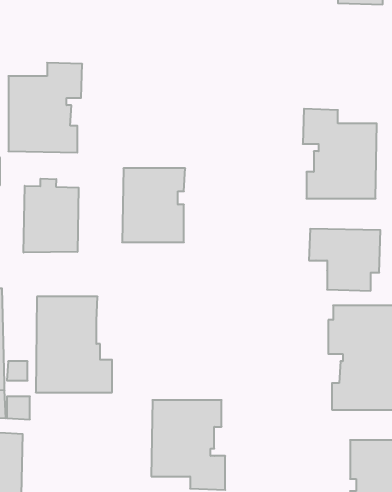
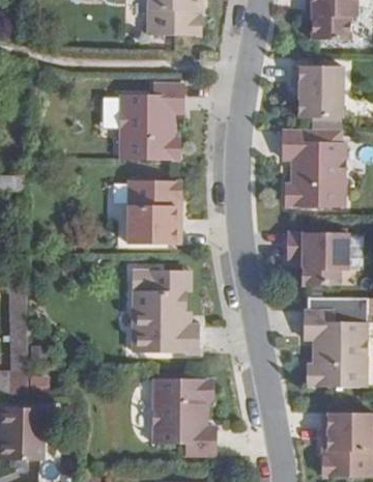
building: none -> [292,65,343,117]
building: [8,63,82,153] -> [120,83,183,160]
building: [24,179,79,253] -> none
building: [36,297,112,392] -> [133,271,198,352]

